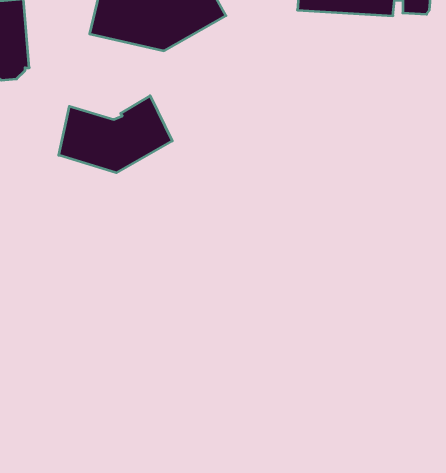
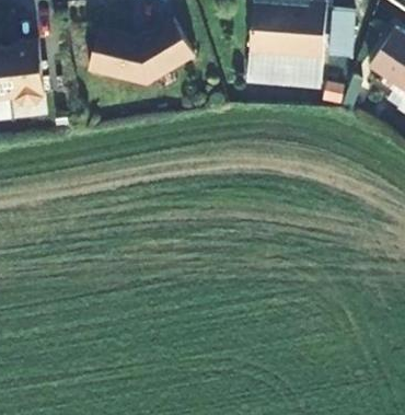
building: none -> [248,50,324,83]
building: [59,96,172,173] -> none

